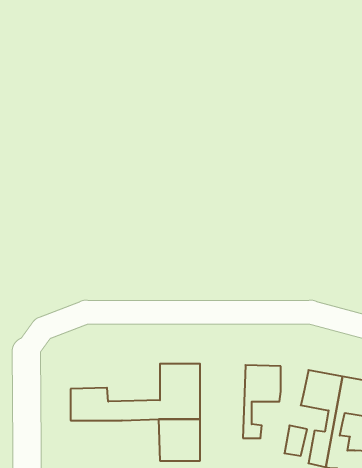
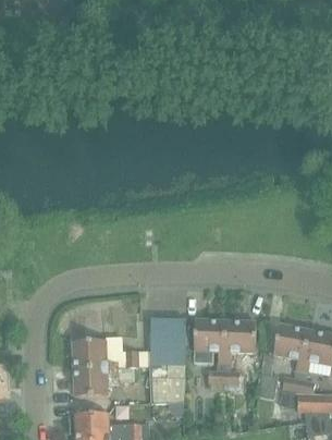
building: none -> [193,319,224,383]
building: none -> [73,368,119,396]

